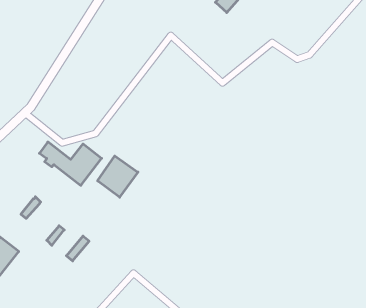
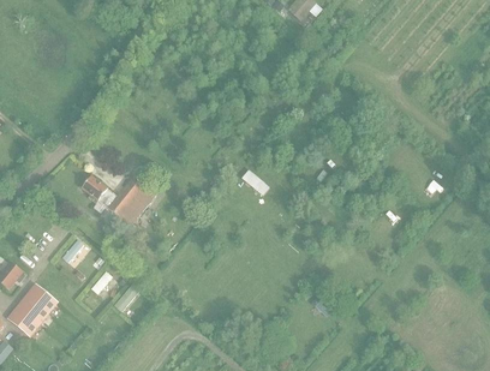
building: [98,156,138,197] -> none

